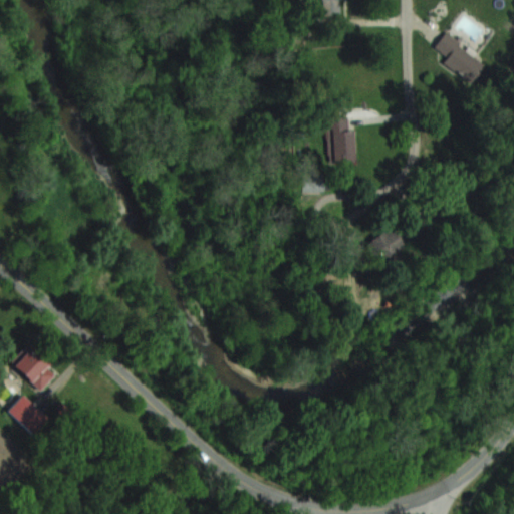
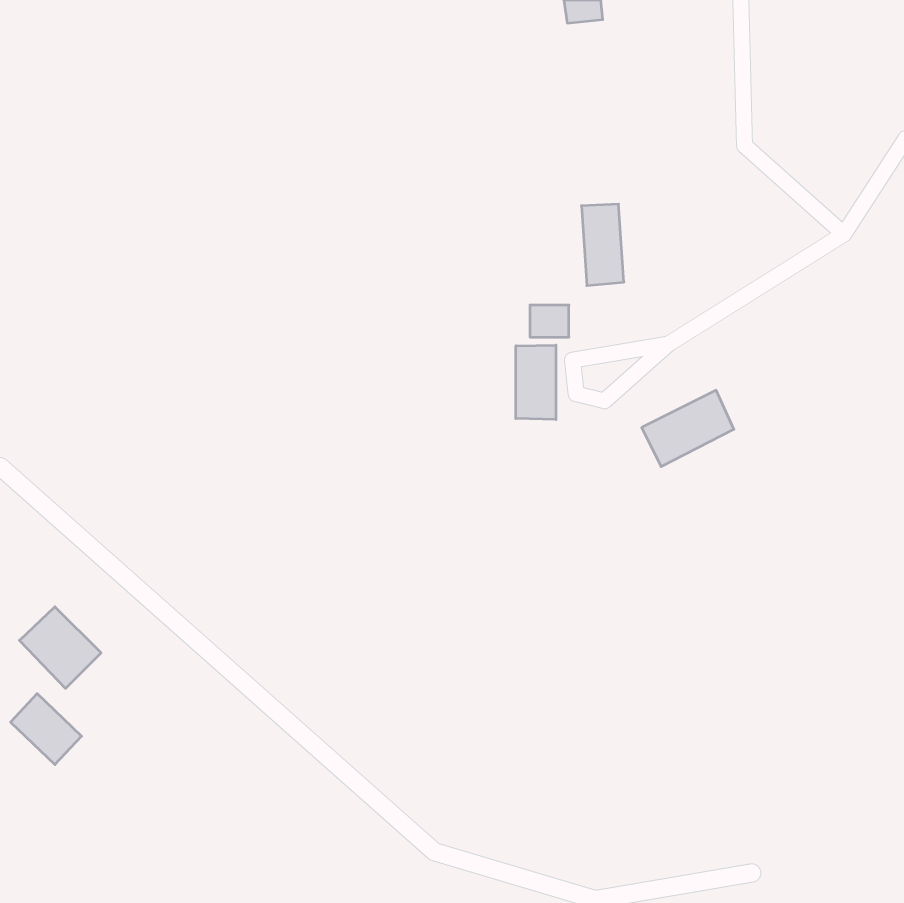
building: [434,33,486,83] -> none
building: none -> [516,345,556,420]

